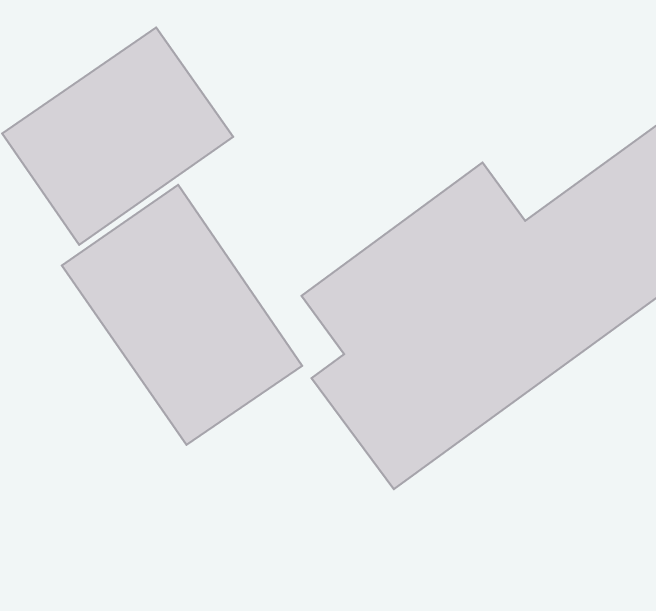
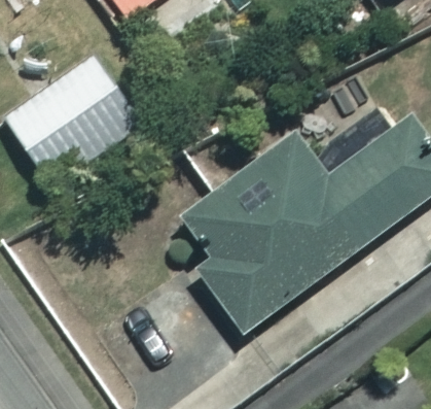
building: [62,185,302,445] -> none

